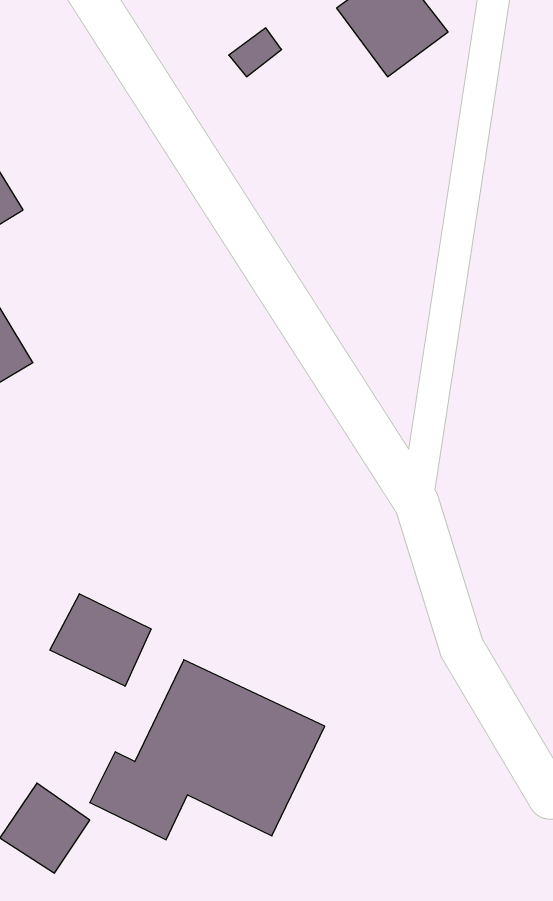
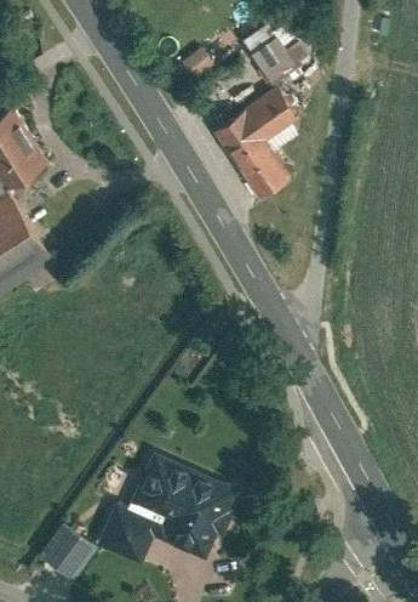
building: none -> [213,89,302,201]
building: [50,594,151,686] -> none

